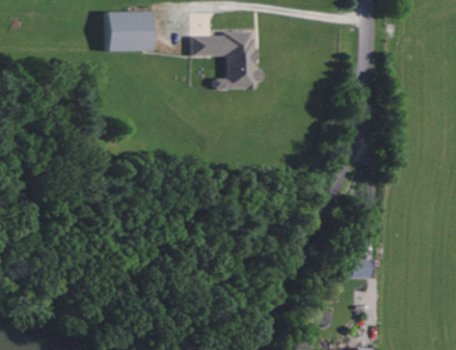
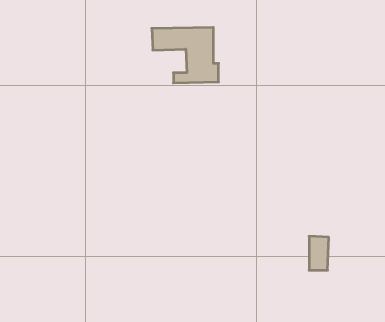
building: [104,10,151,52] -> none

